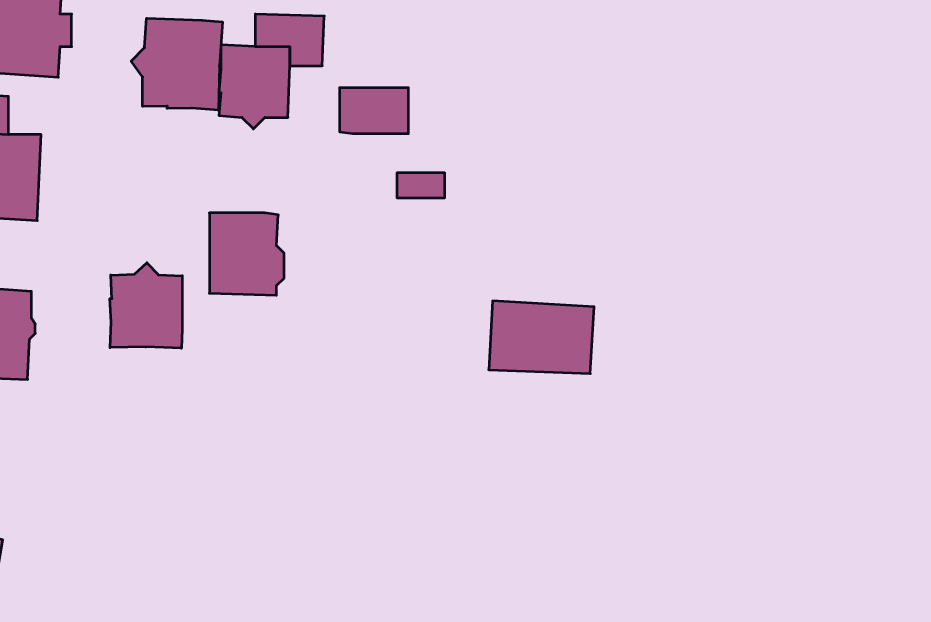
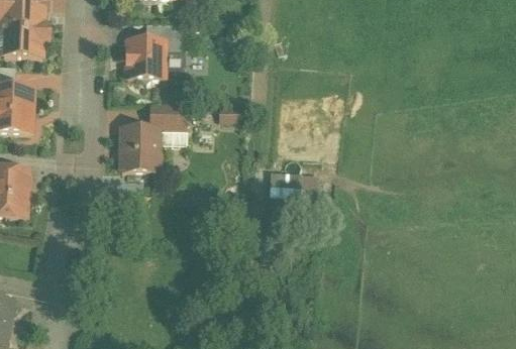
building: [131,18,222,110] -> none
building: [340,88,408,134] -> [150,103,187,127]
building: [110,263,182,348] -> none

